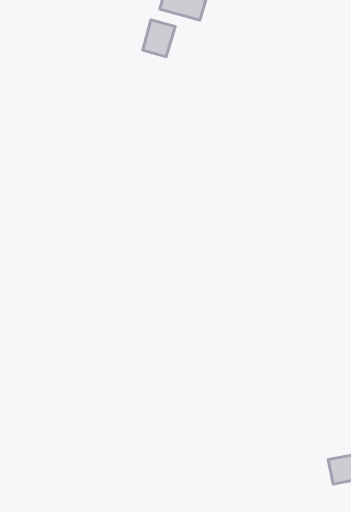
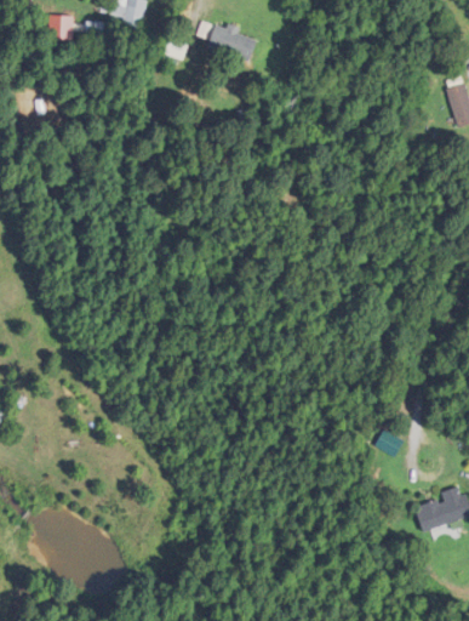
building: [143,20,175,57] -> none

